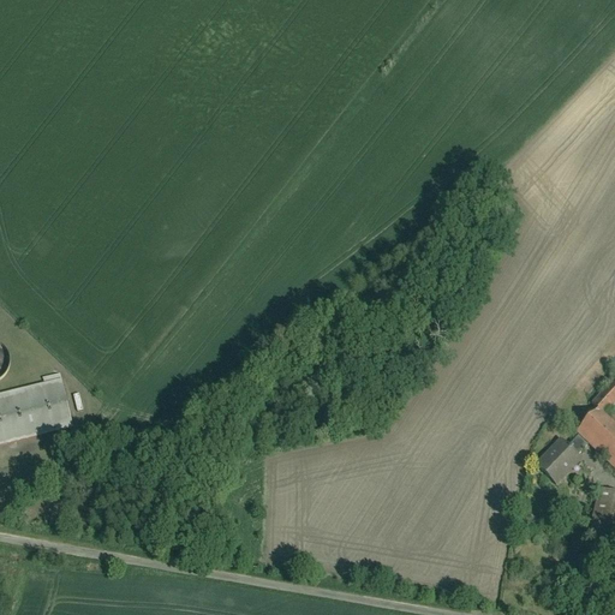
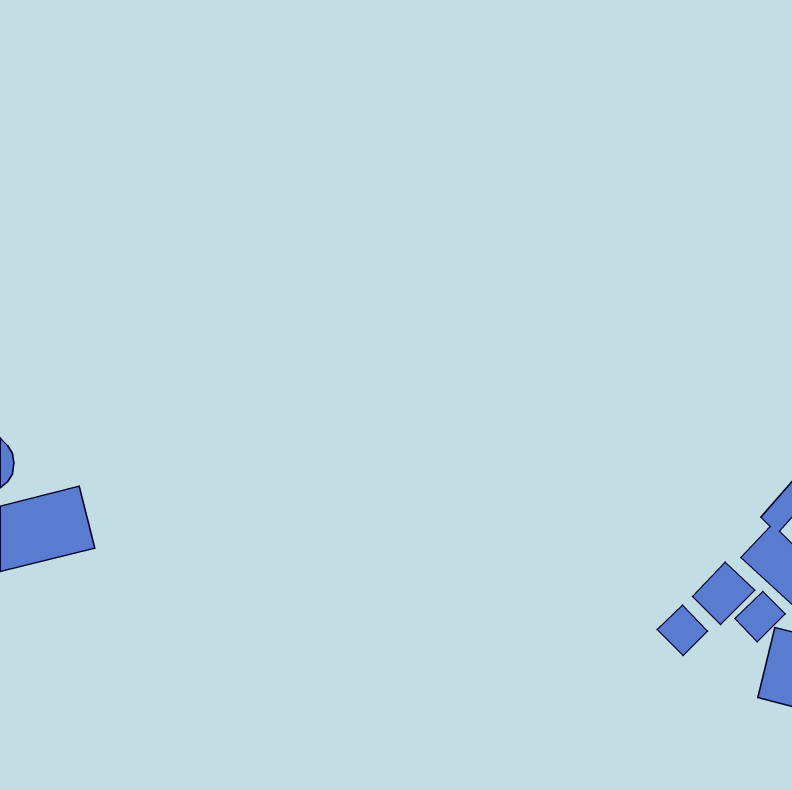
building: none -> [735,592,785,642]
building: none -> [657,605,707,655]

